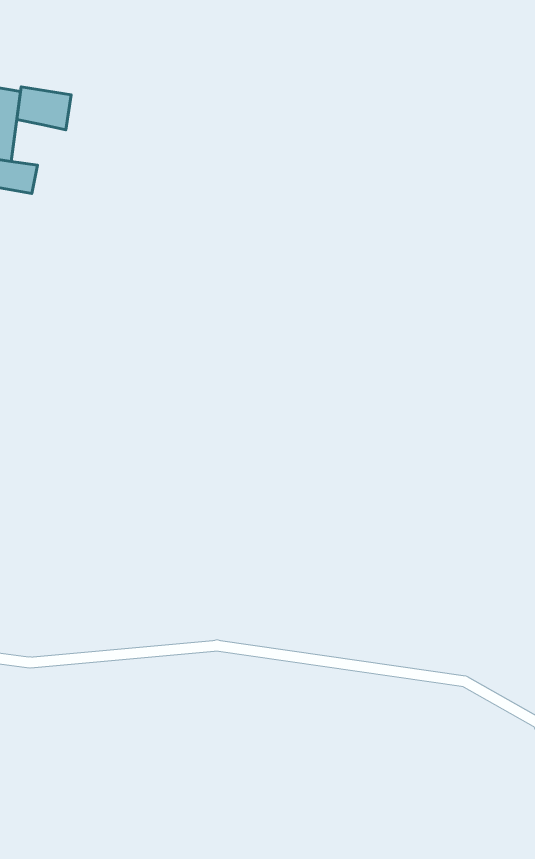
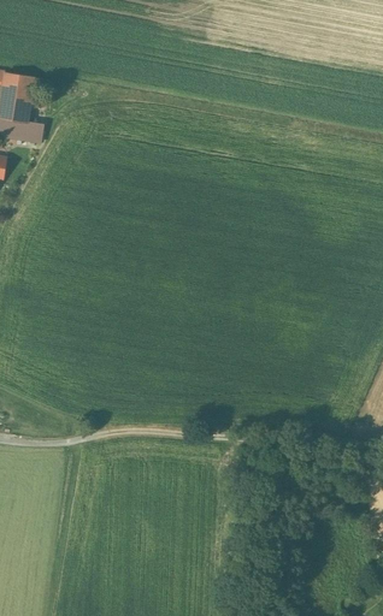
building: [17,87,71,130] -> none

